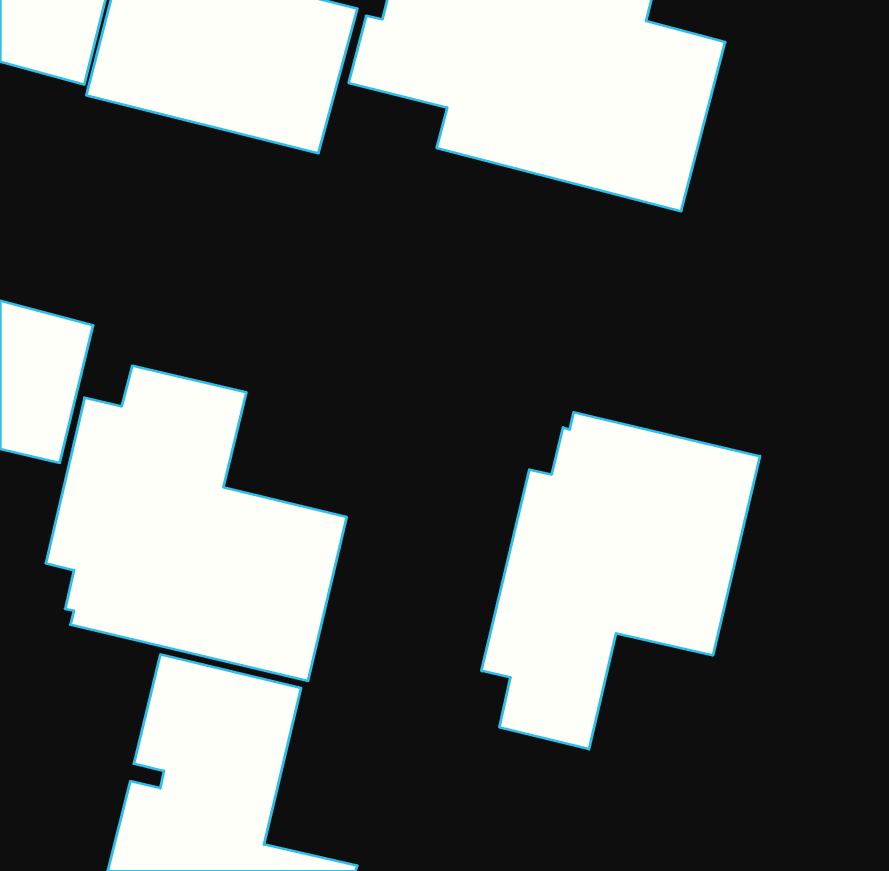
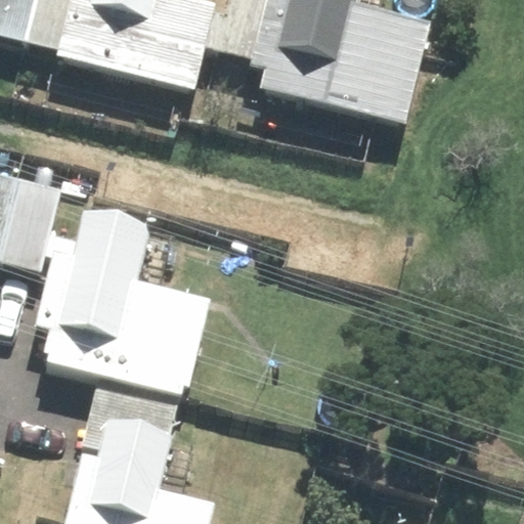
building: [482,412,760,749] -> none

